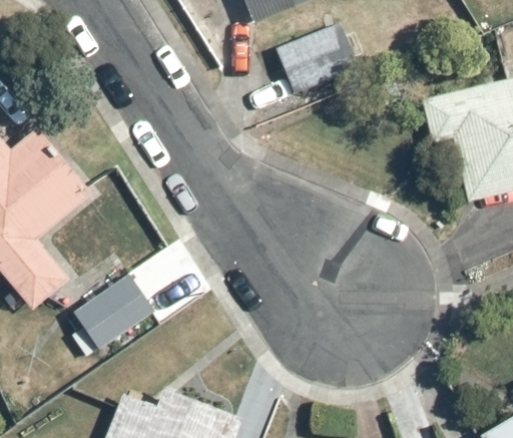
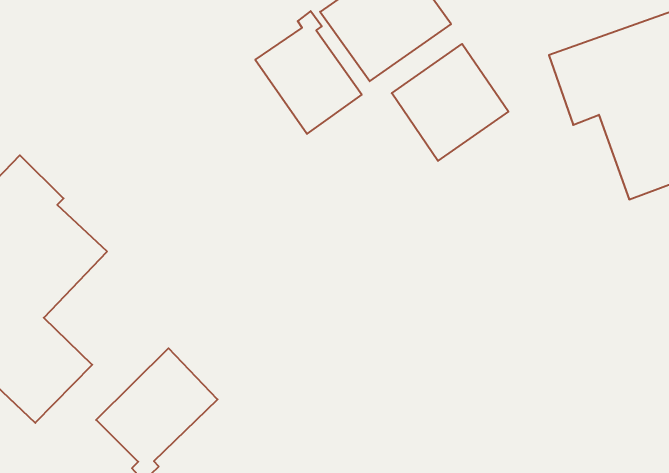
building: none -> [255,11,362,134]
building: none -> [392,44,508,161]

